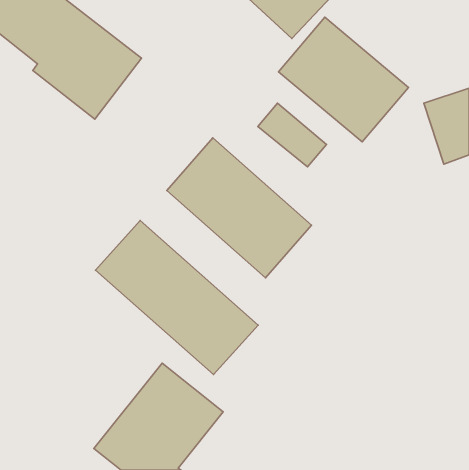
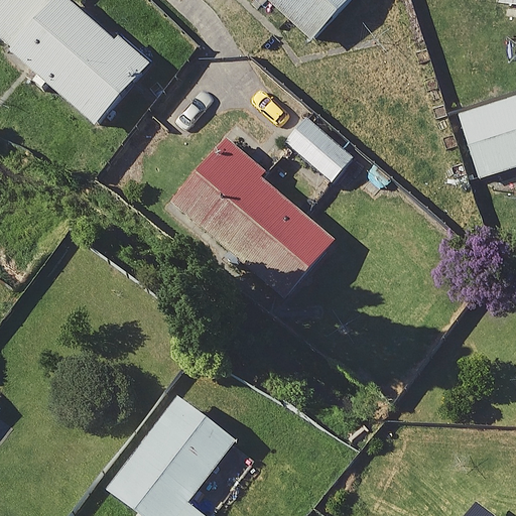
building: [279,17,408,142] -> none
building: [96,221,258,375] -> none

